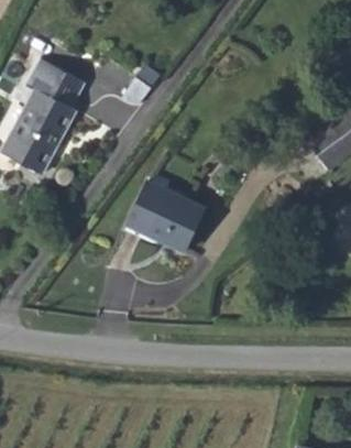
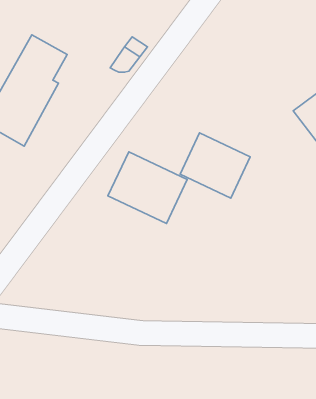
building: none -> [180,133,250,198]

